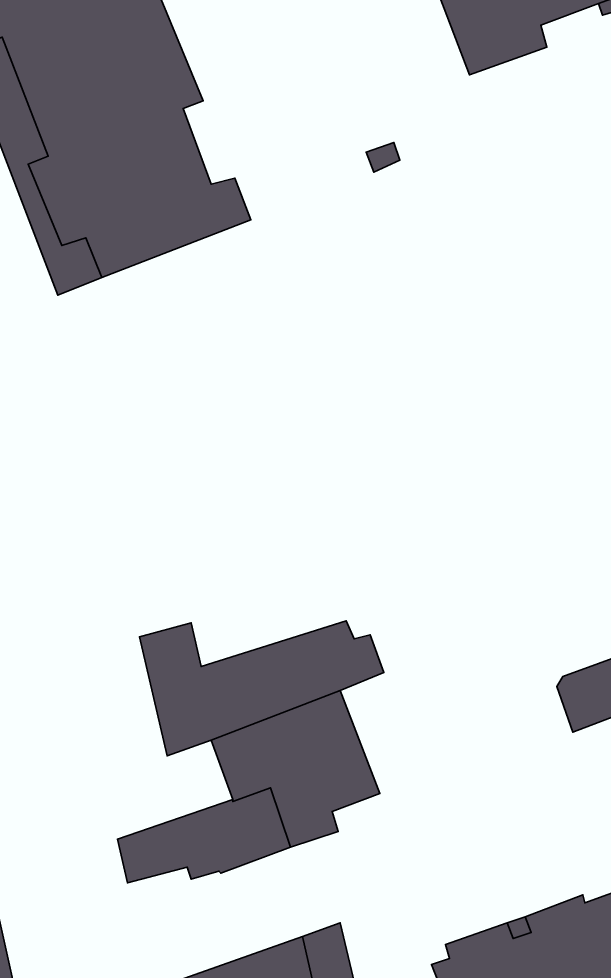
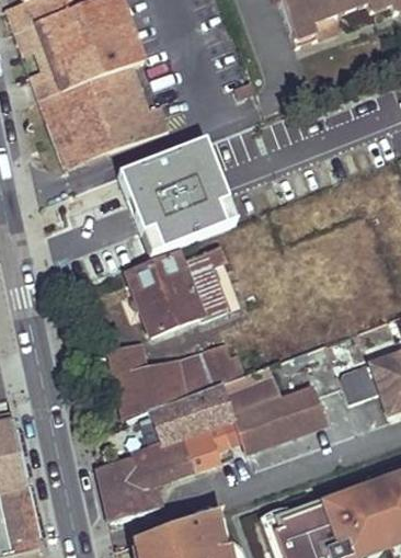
building: none -> [116,141,233,254]
building: none -> [127,248,243,333]
building: none -> [221,363,325,451]
building: none -> [104,480,162,521]

